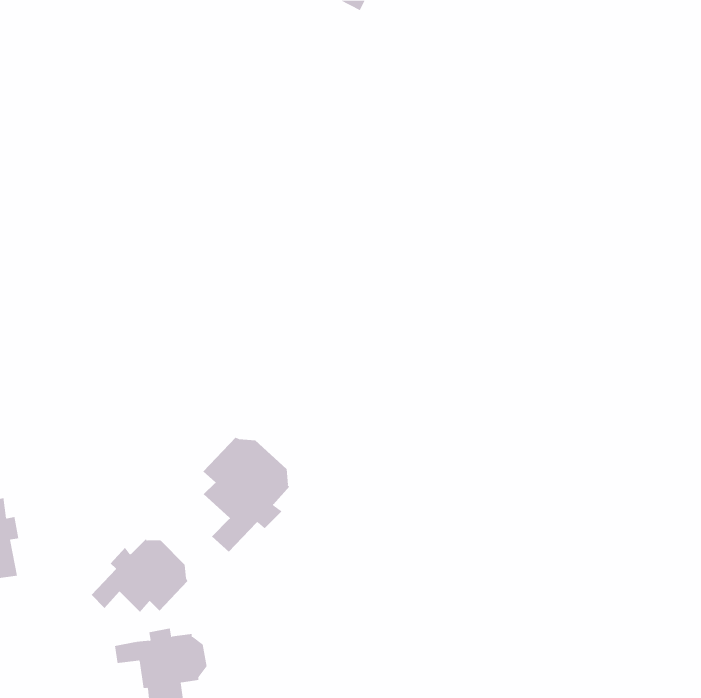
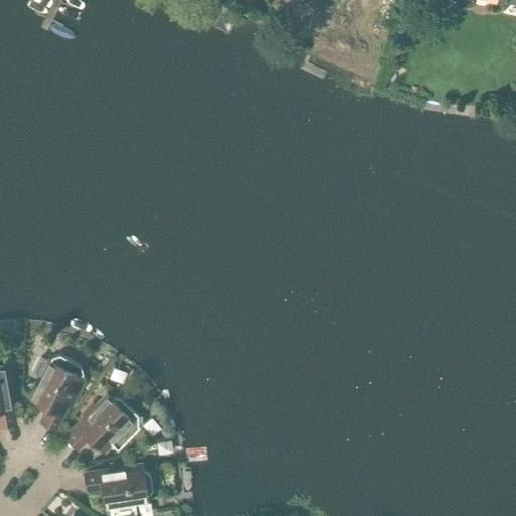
building: [203,437,290,552] -> none
building: none -> [29,357,82,430]

